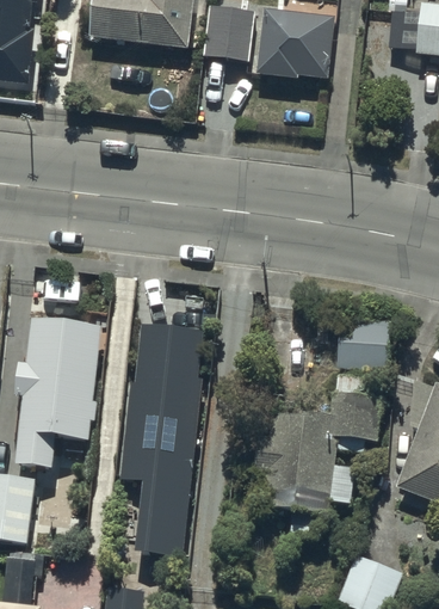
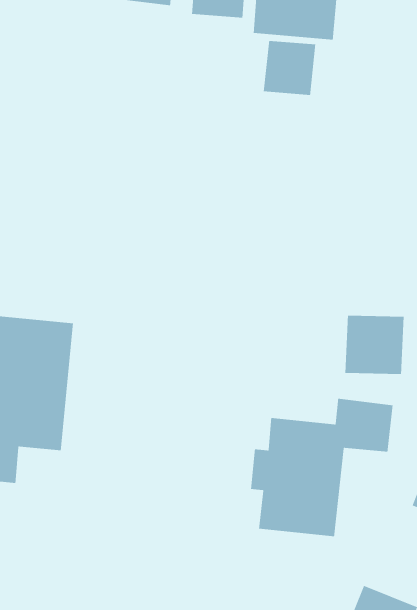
building: none -> [263,40,316,96]
building: [119,321,204,555] -> none

